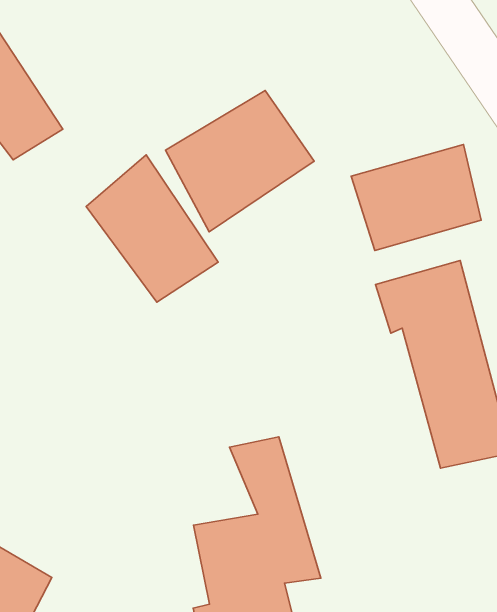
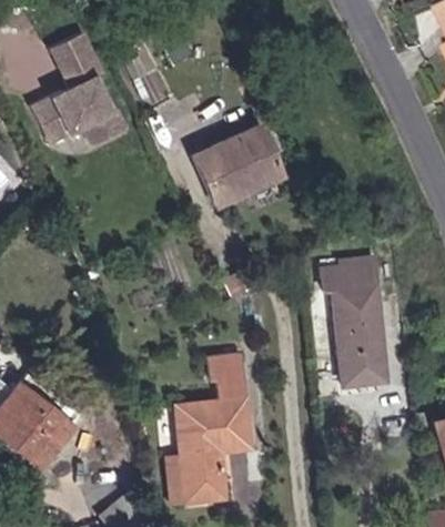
building: [351,145,481,251] -> none
building: [86,155,218,302] -> none

